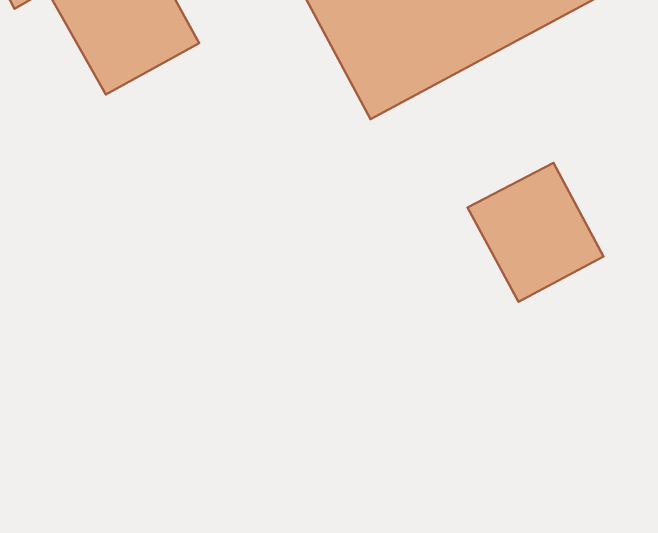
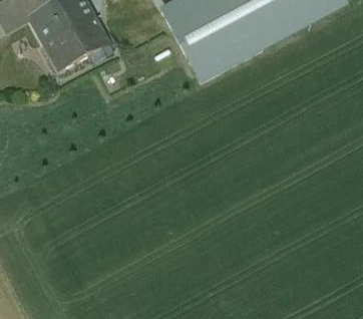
building: [467,163,603,302] -> none

